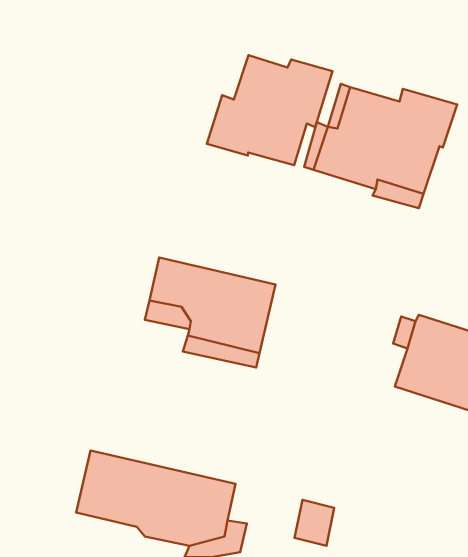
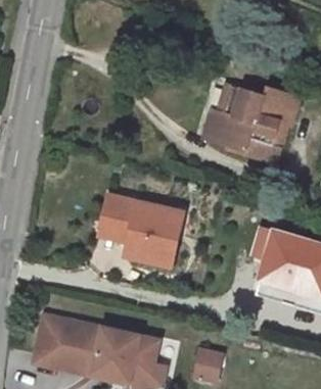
building: [207,55,333,165] -> none
building: none -> [35,315,64,359]

